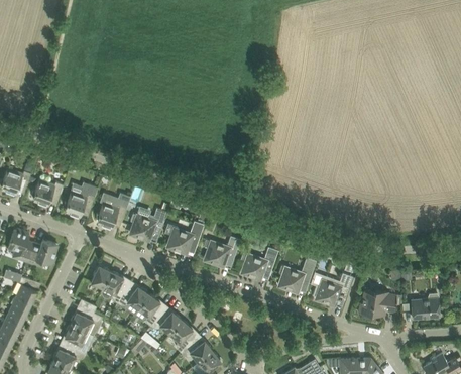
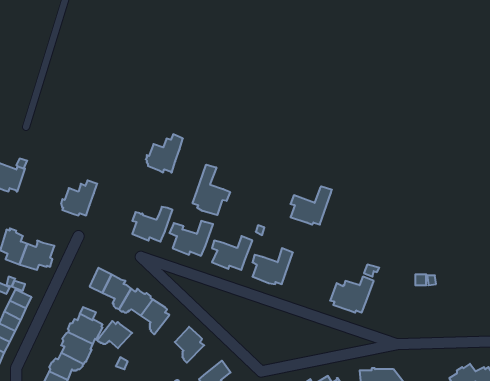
building: none -> [193,165,230,215]
building: [31,178,63,205] -> none
building: [95,193,129,228] -> [146,134,183,172]
building: [277,257,316,292] -> [290,186,332,225]
building: [358,289,394,316] -> none
building: [411,293,439,319] -> none
building: [149,307,182,333] -> [97,321,132,348]
building: [180,336,212,362] -> none

